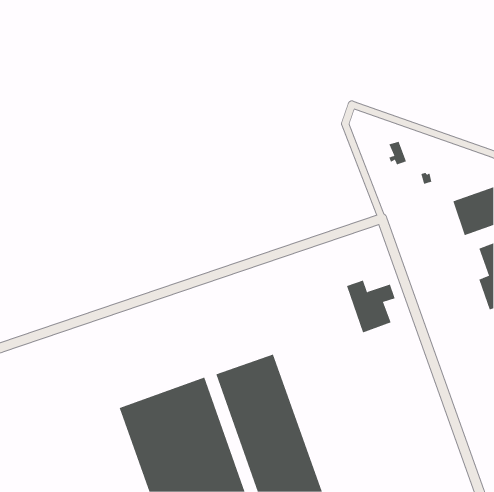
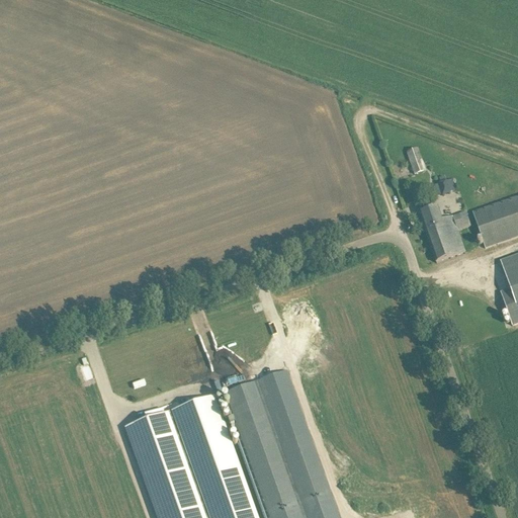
building: [346,280,395,333] -> [419,206,470,262]

